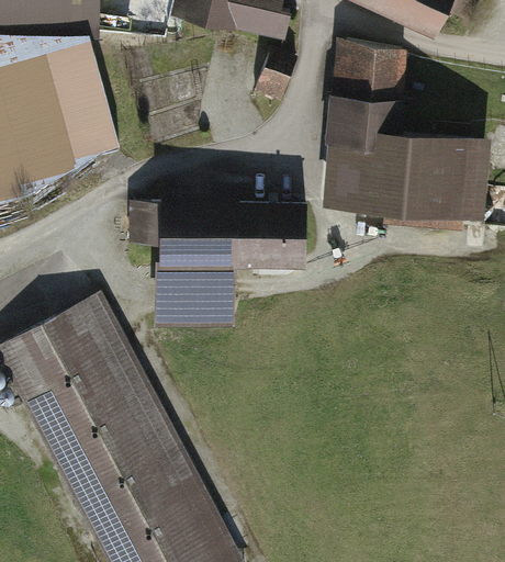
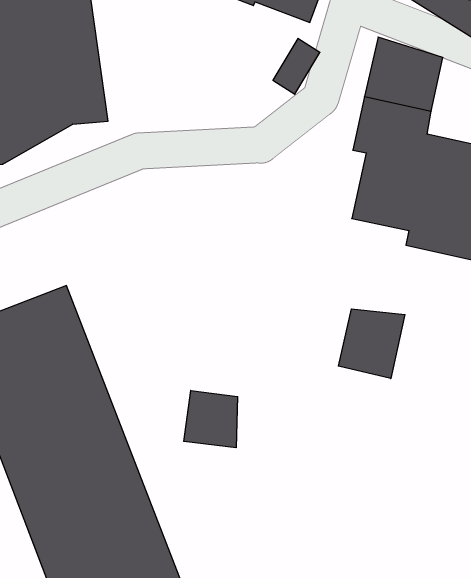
building: [131,196,303,317] -> none
building: none -> [338,309,405,379]
building: none -> [184,390,238,448]

